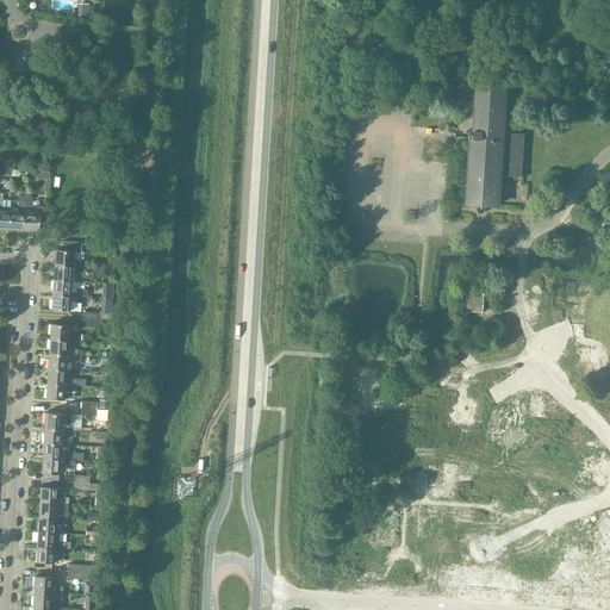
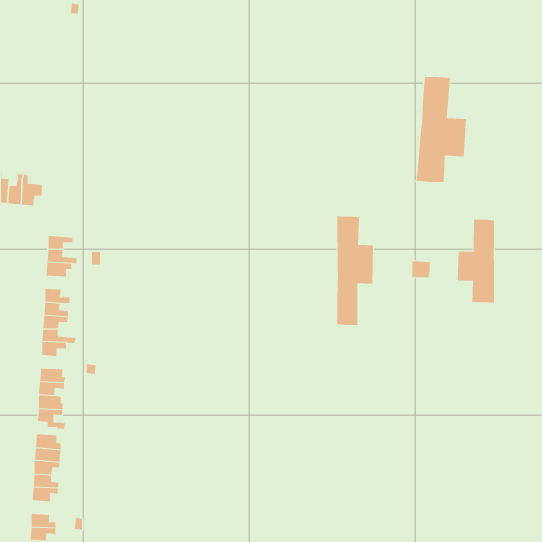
building: none -> [337,216,374,326]
building: [51,243,88,267] -> none
building: none -> [457,219,495,303]

